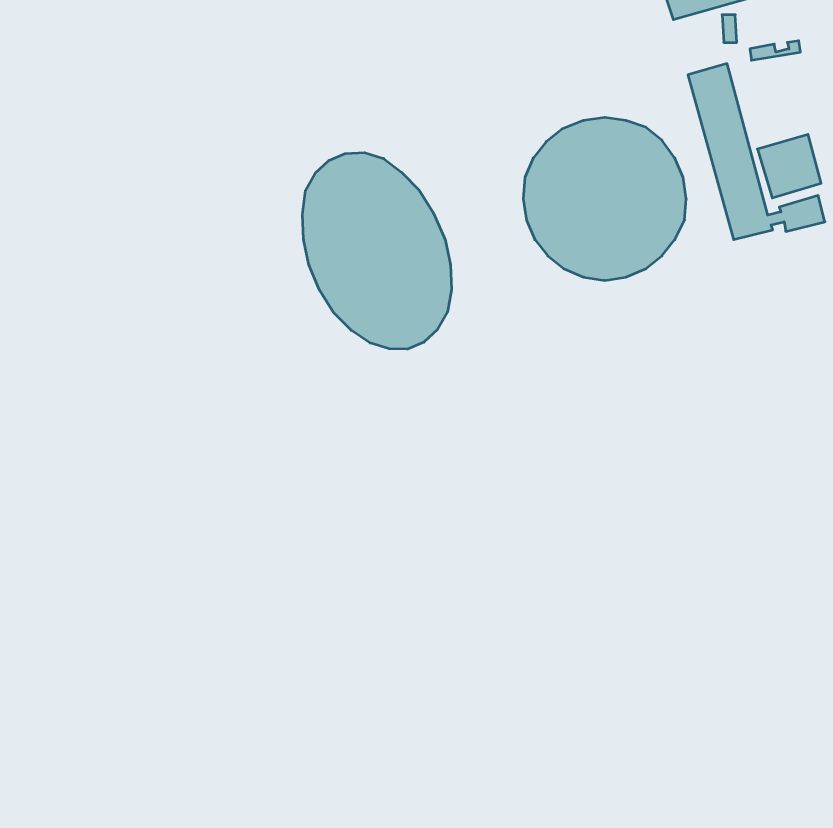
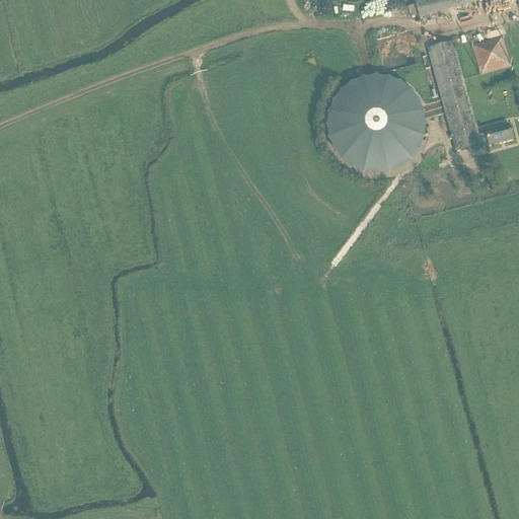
building: [757,134,821,198] -> [471,33,511,73]
building: [302,153,452,349] -> none

